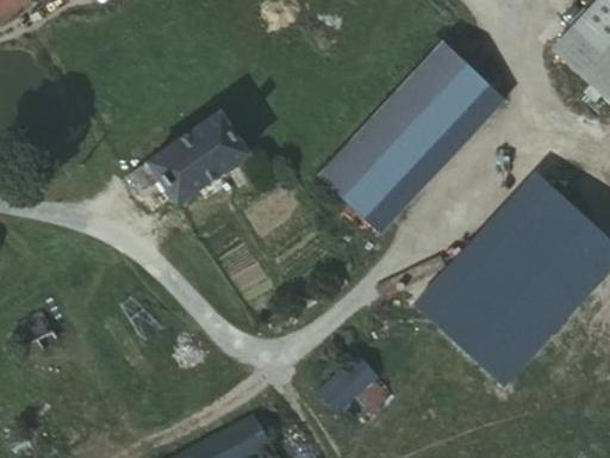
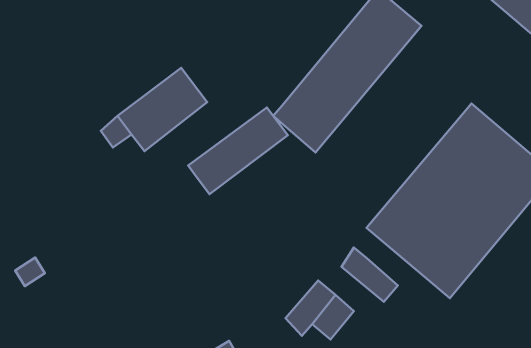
building: none -> [188,108,288,194]
building: none -> [342,248,398,302]

